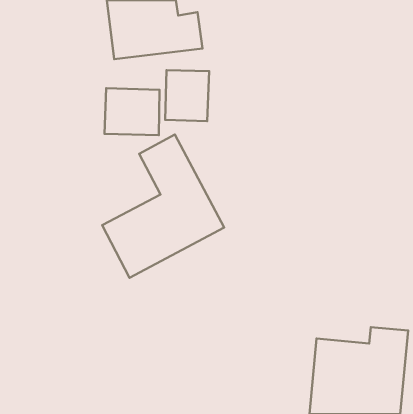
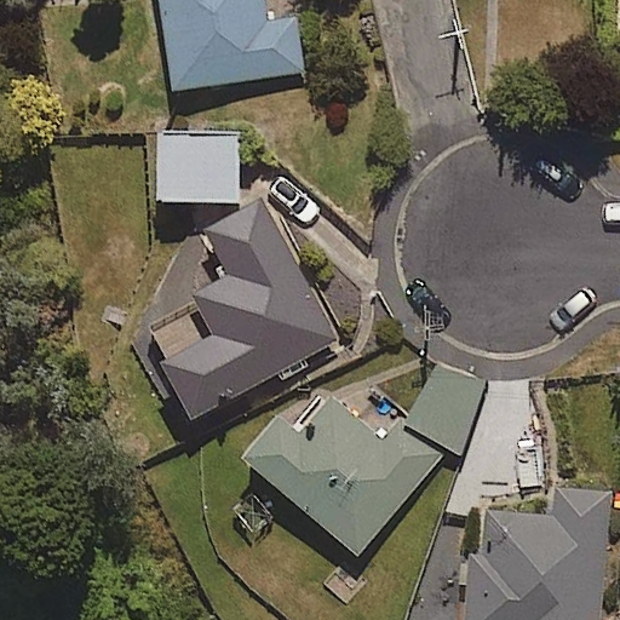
building: [165,70,209,121] -> none
building: none -> [258,392,440,553]

